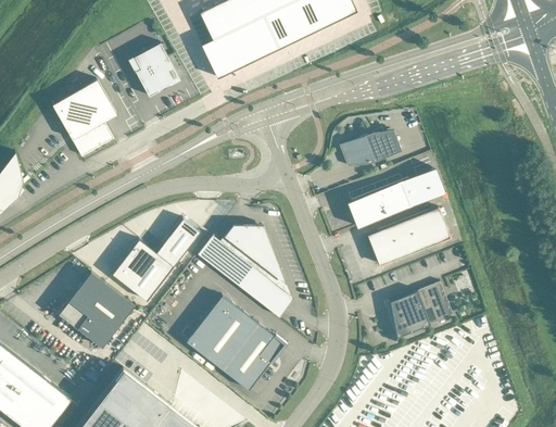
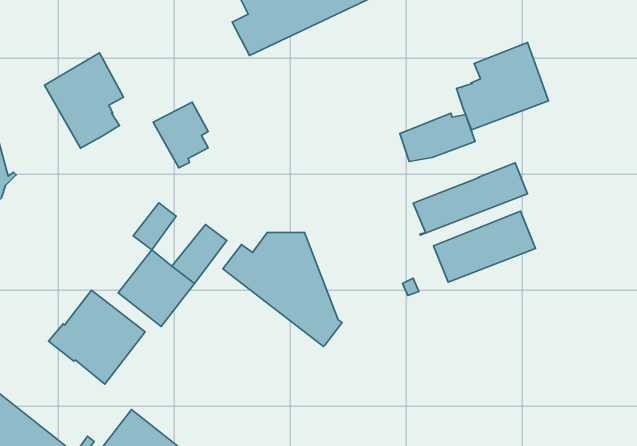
building: [128,43,173,97] -> [153,102,208,168]
building: none -> [456,43,549,130]
building: none -> [133,203,176,250]
building: [390,281,453,336] -> none
building: [187,296,285,389] -> none

